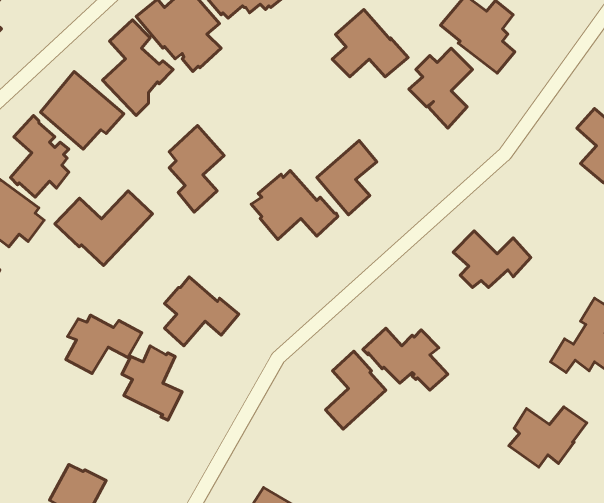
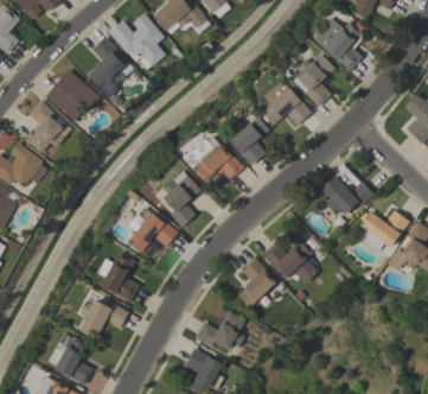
building: [332,10,408,77] -> [261,80,312,125]
building: [169,125,224,212] -> [164,170,200,228]
building: [55,191,153,265] -> none
building: [66,315,142,374] -> [78,299,129,338]
building: [509,407,587,467] -> [357,210,409,250]
building: none -> [196,311,244,350]

